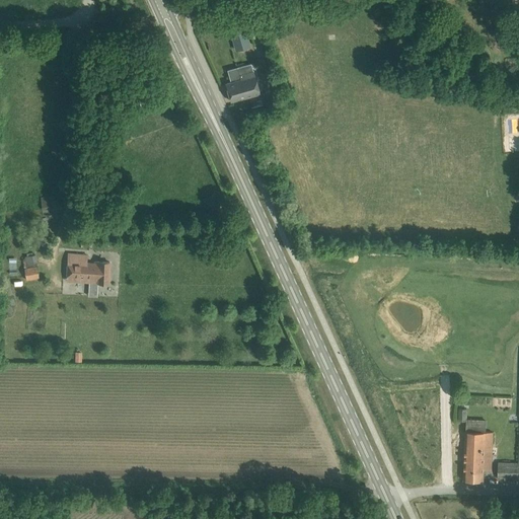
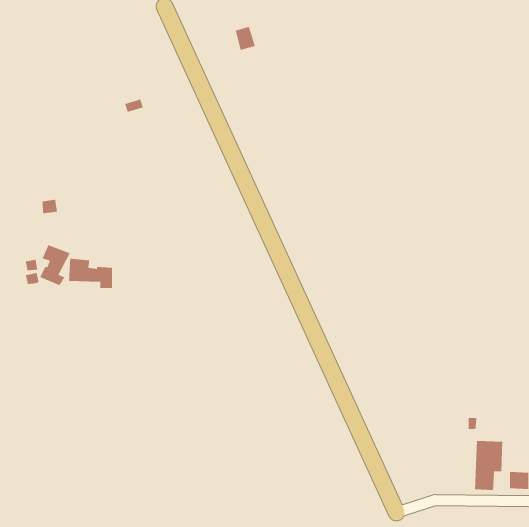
building: [226,65,260,103] -> none
building: none -> [39,244,71,286]

